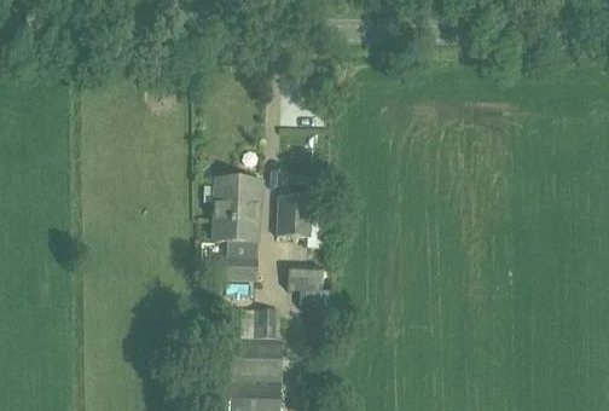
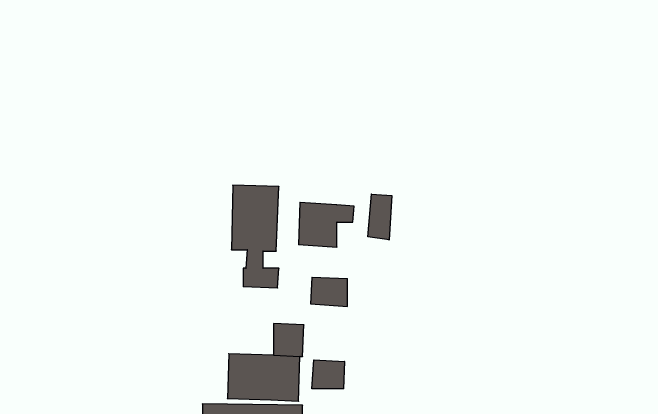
building: none -> [368,194,392,240]
building: none -> [312,360,344,389]

